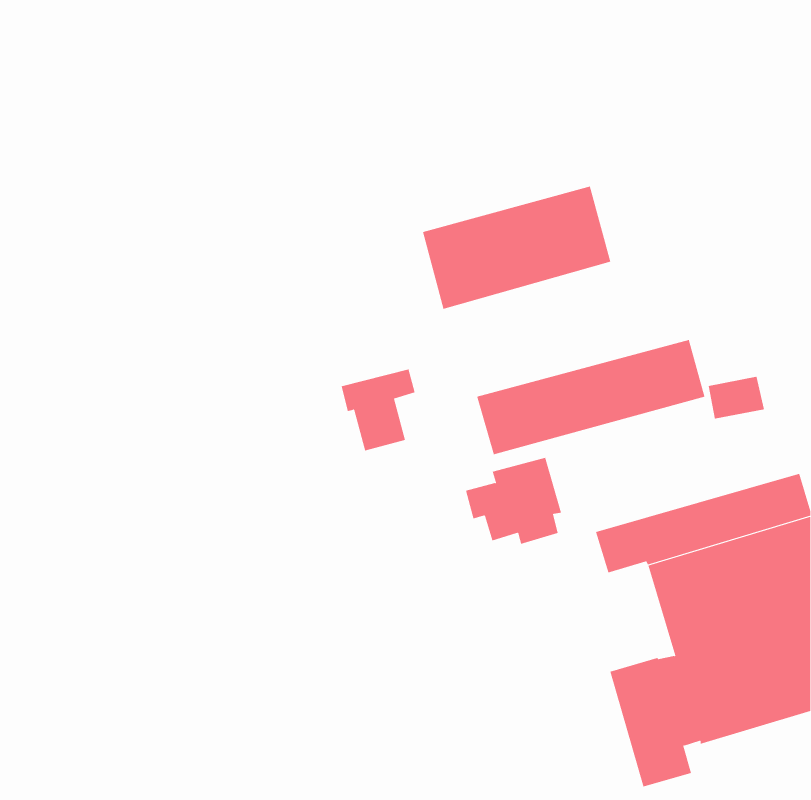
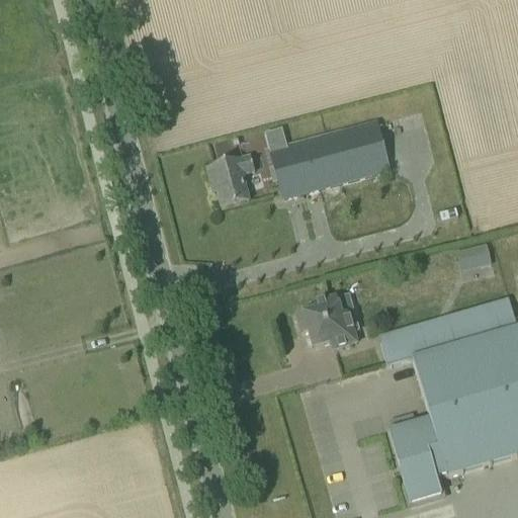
building: [476,339,705,455] -> none
building: [341,369,415,451] -> [206,153,254,205]

